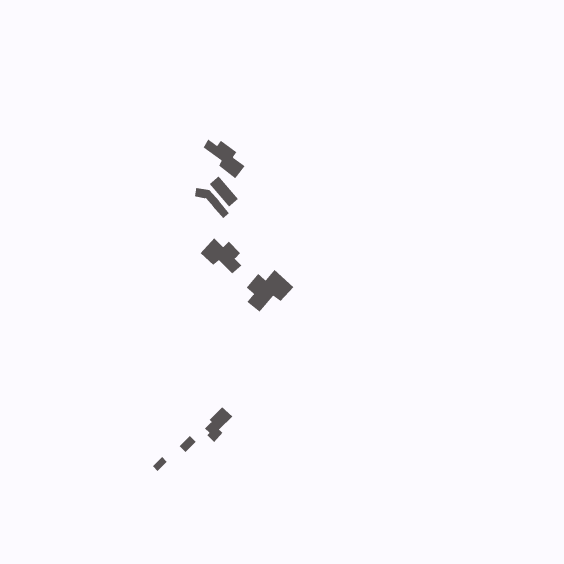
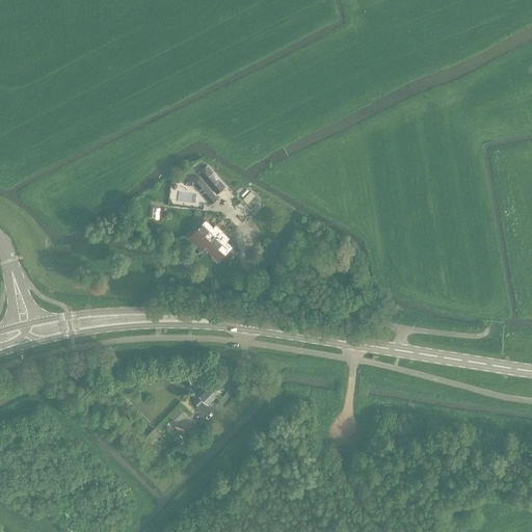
building: [203,139,246,179] -> none
building: [246,269,294,312] -> none

